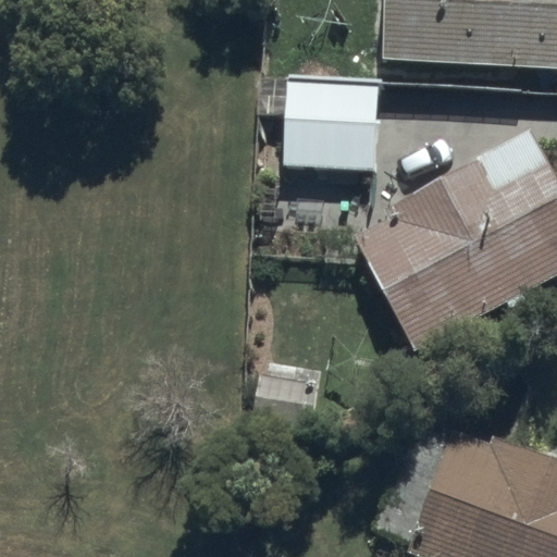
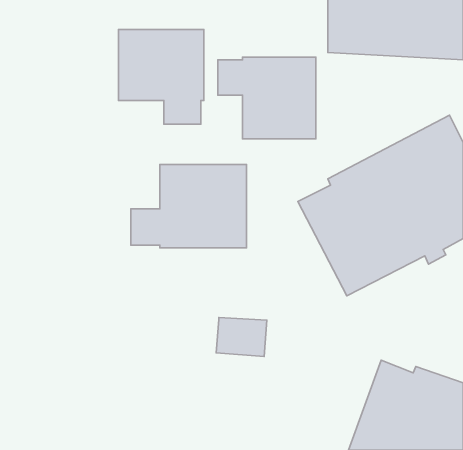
building: none -> [118,29,204,124]
building: none -> [131,164,247,248]

